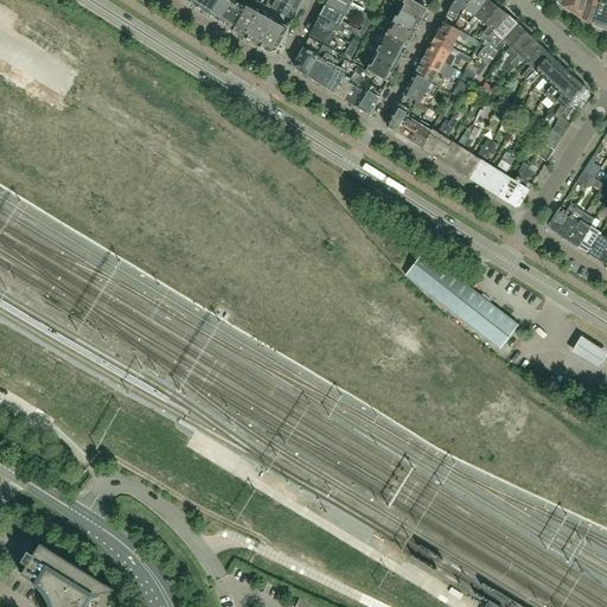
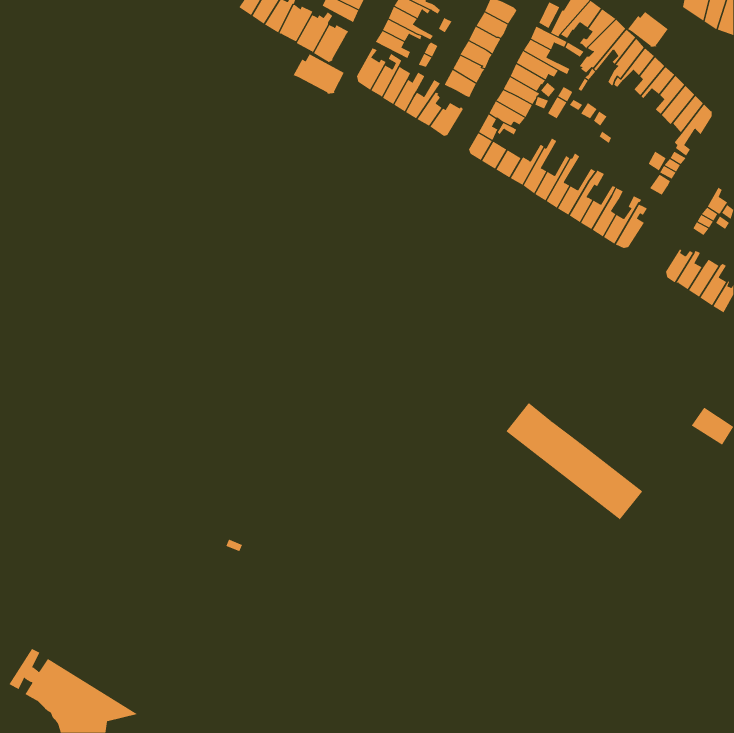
building: none -> [627,11,668,47]
building: none -> [293,53,344,95]
building: [404,250,518,347] -> [505,402,643,520]

